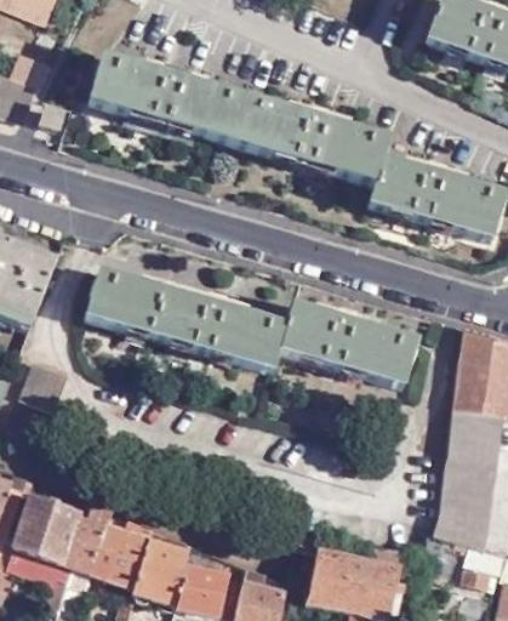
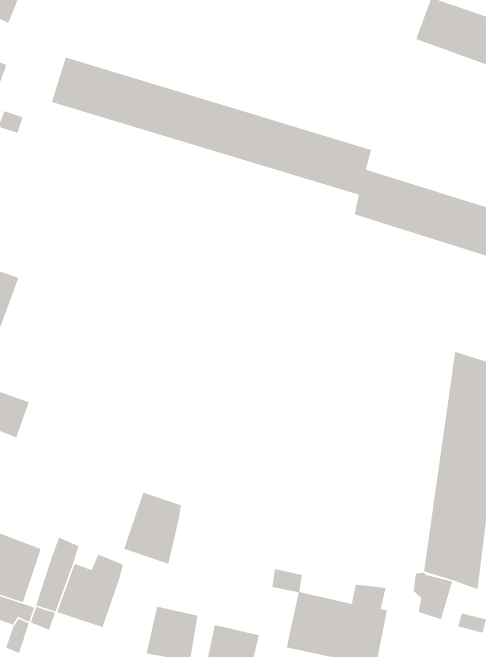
building: [85,269,417,386] -> none
building: [135,537,189,605] -> [123,492,182,565]

